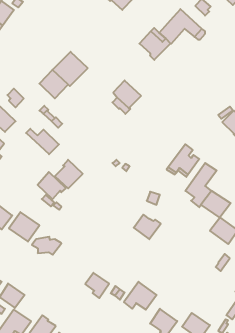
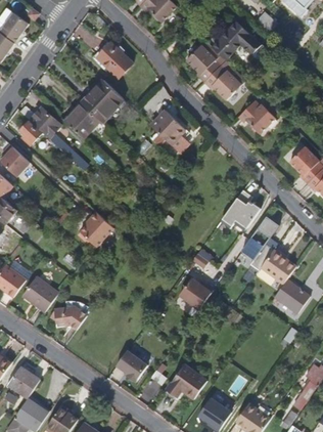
building: none -> [97,42,132,78]
building: none -> [203,64,244,103]
building: none -> [238,104,274,136]
building: [26,129,59,154] -> [20,105,61,137]
building: [38,172,66,199] -> none

